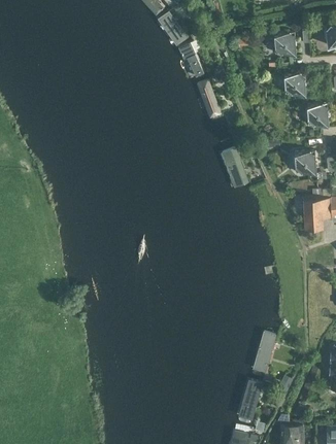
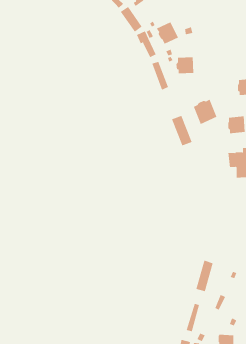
building: none -> [156,22,179,44]
building: [273,32,296,54] -> none
building: [282,72,306,94] -> [175,57,194,74]
building: none -> [193,99,217,125]

